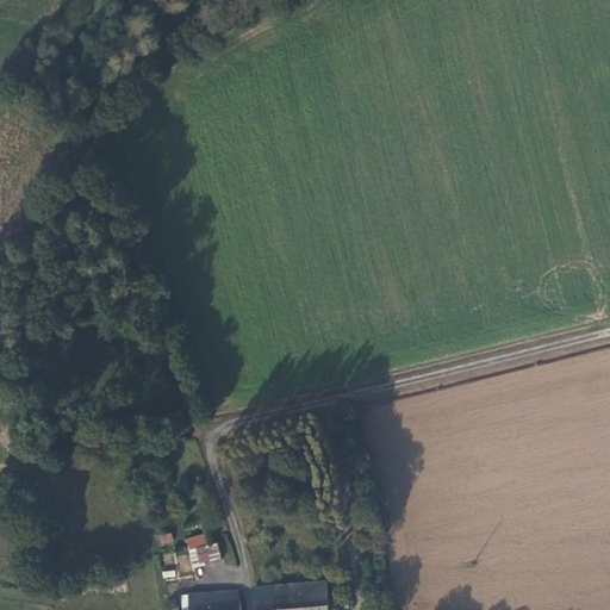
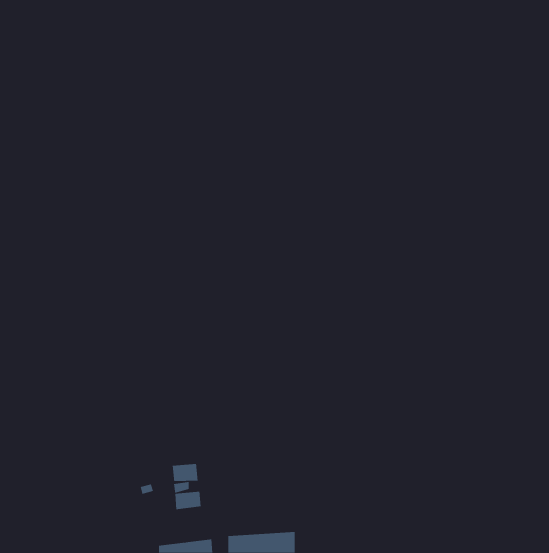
building: none -> [172,463,198,482]

